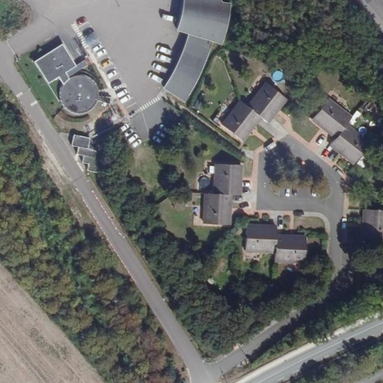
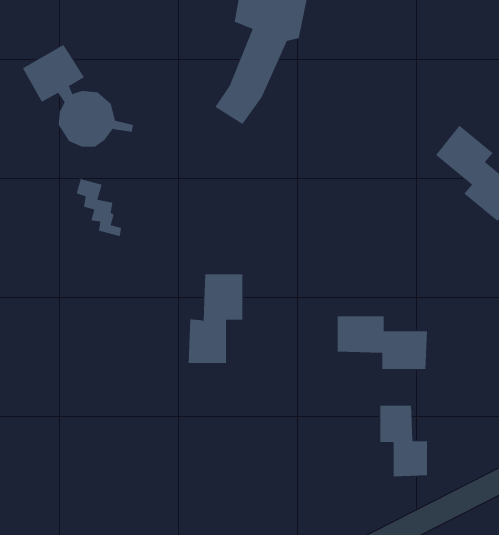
building: [221,82,287,141] -> none
building: [204,165,241,225] -> [188,274,243,364]
building: none -> [380,405,427,477]

